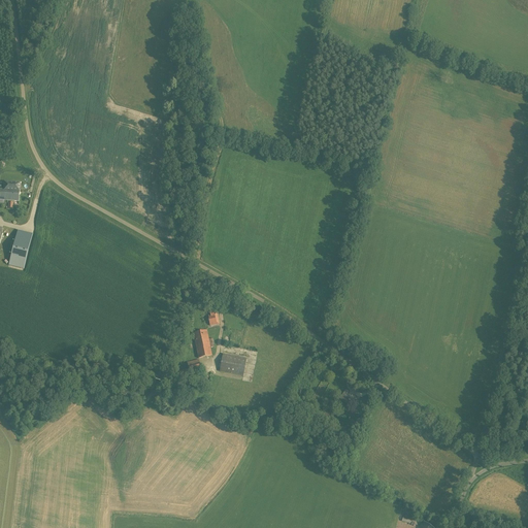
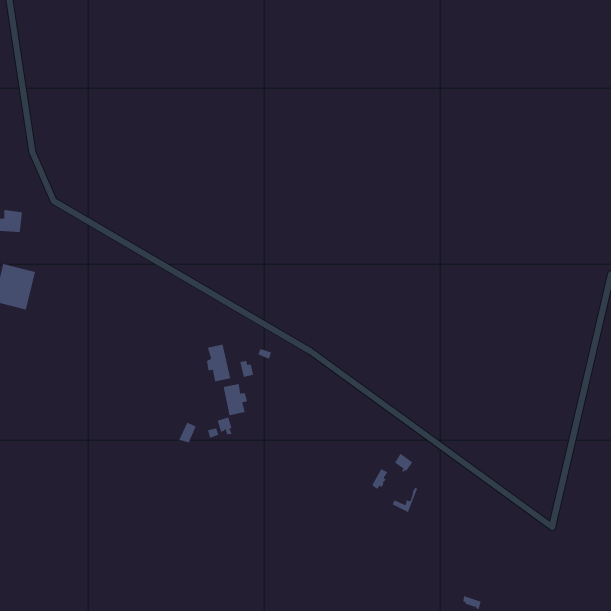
building: none -> [206,344,231,382]
building: [219,353,245,375] -> none

